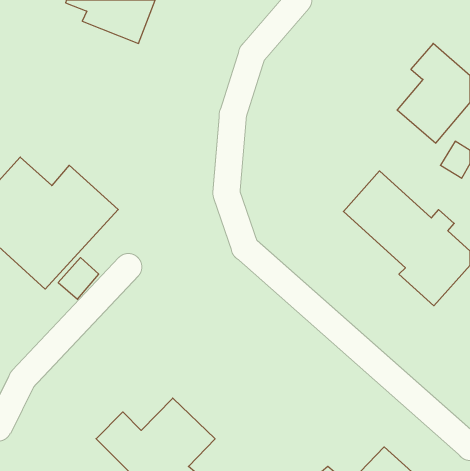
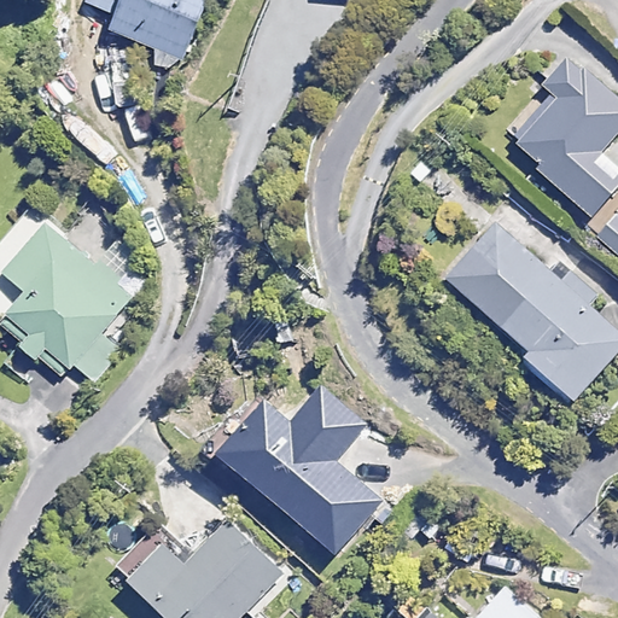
building: none -> [214,387,379,554]

